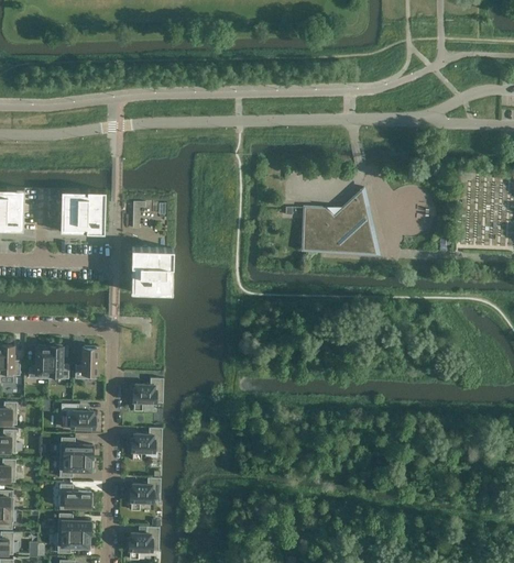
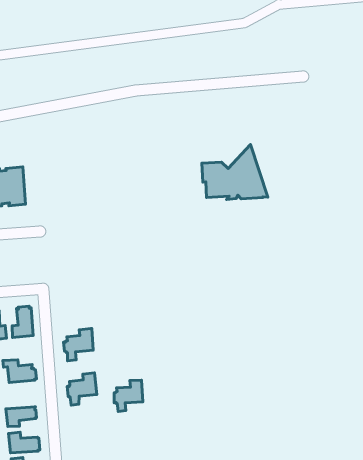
building: [130,247,173,294] -> none
building: [58,438,92,459] -> none
building: [127,477,160,510] -> [114,380,143,411]

